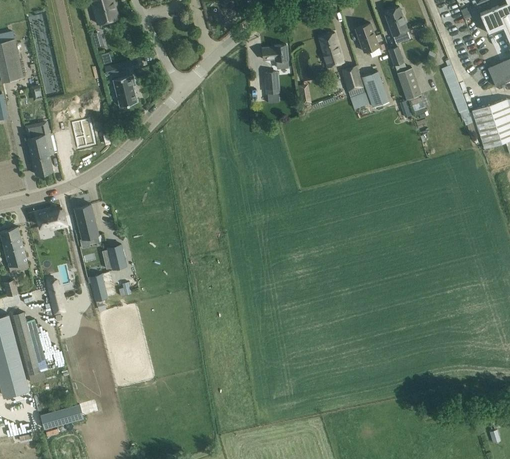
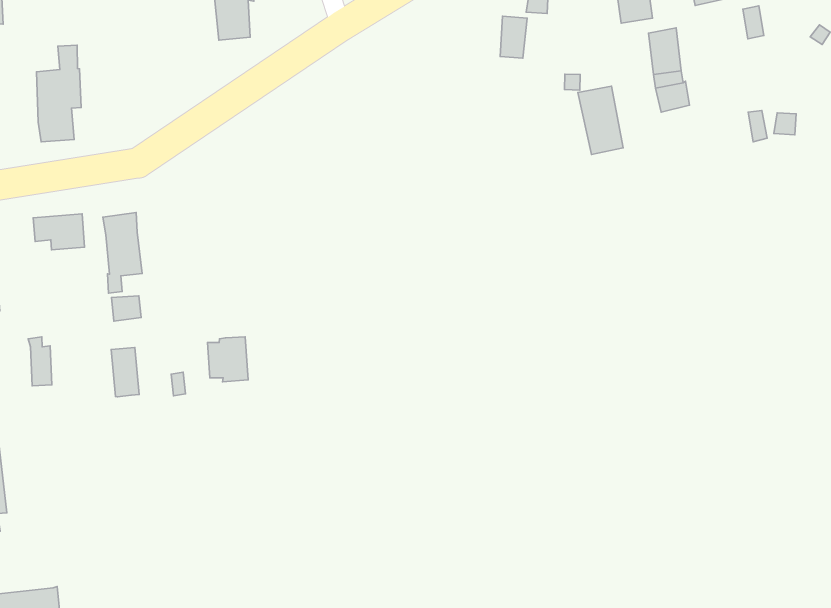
building: [397,68,420,99] -> none
building: [361,71,389,108] -> [578,86,623,154]
building: [68,119,91,147] -> none
building: [102,245,126,270] -> [207,337,248,382]

